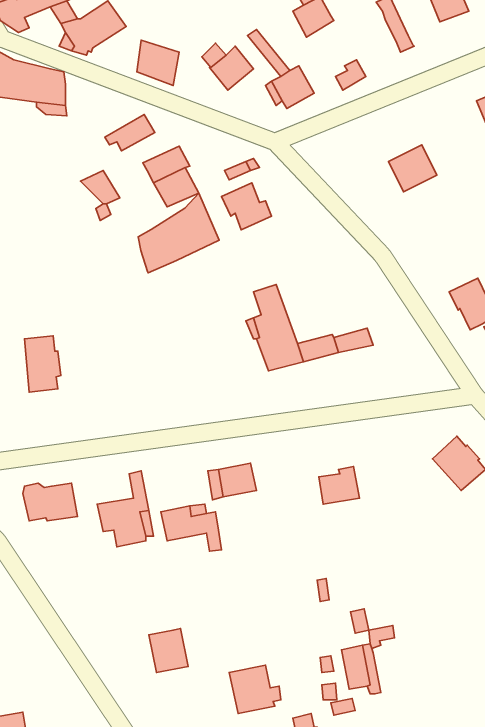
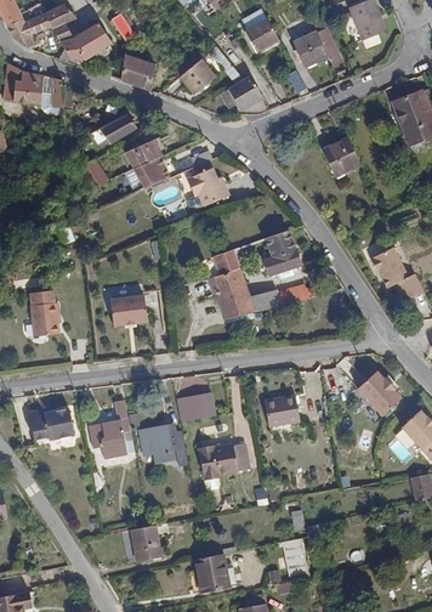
building: none -> [294,30,328,66]
building: [138,193,219,273] -> none
building: none -> [262,229,300,274]
building: none -> [109,296,147,325]
building: none -> [198,443,249,488]

